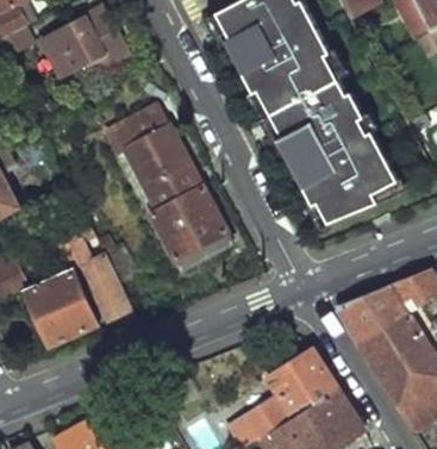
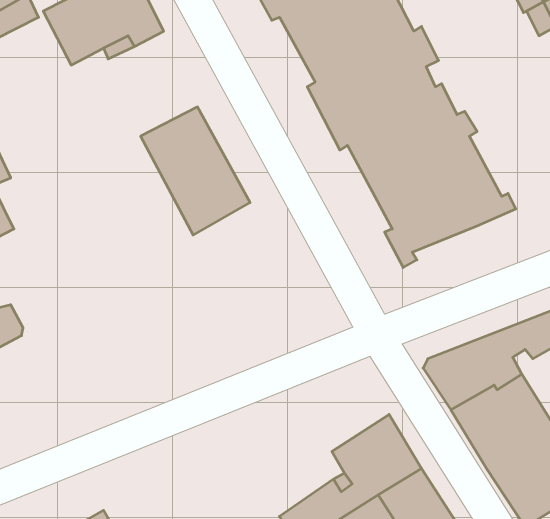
building: [151,183,231,267] -> none
building: [60,227,132,318] -> none
building: [26,270,98,344] -> none

